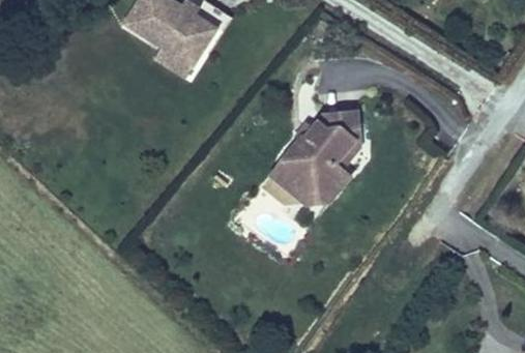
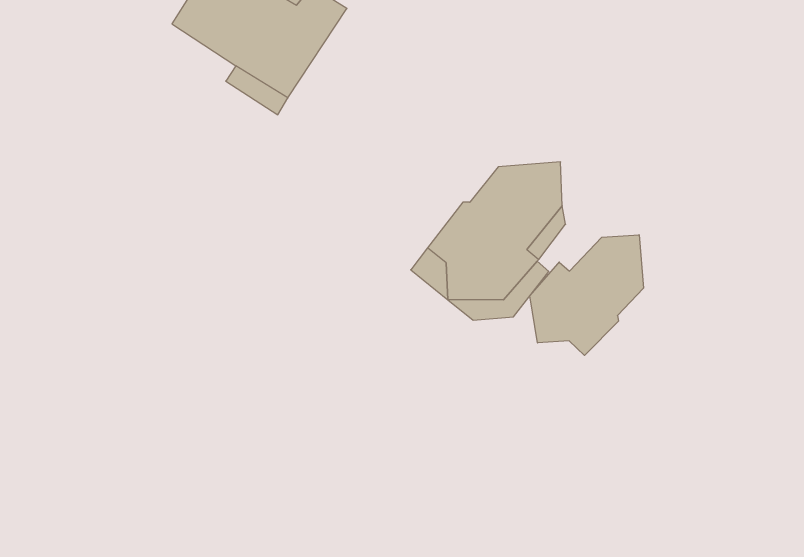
building: none -> [530,235,643,355]

